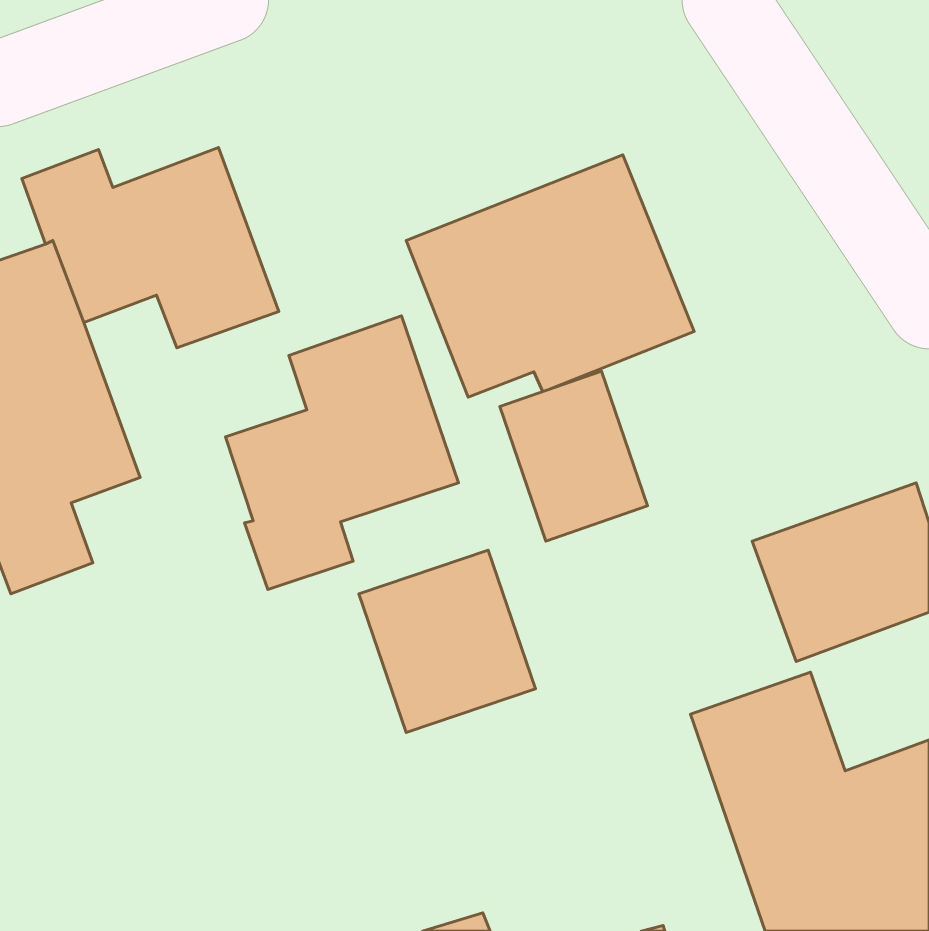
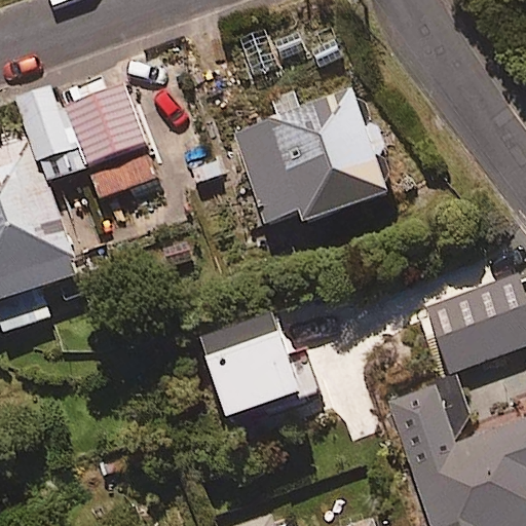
building: [226,316,459,589] -> none
building: [500,371,648,541] -> none

